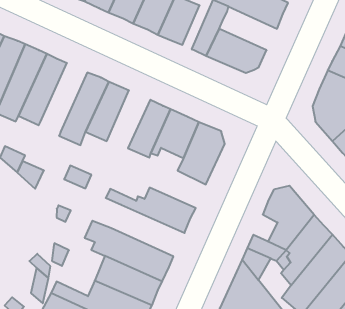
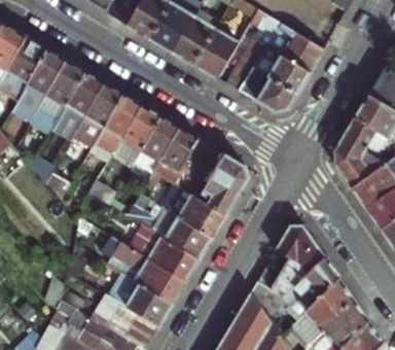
building: none -> [254,45,310,92]
building: none -> [72,82,122,147]
building: none -> [134,115,180,173]
building: none -> [159,182,224,236]
building: none -> [129,224,199,280]

